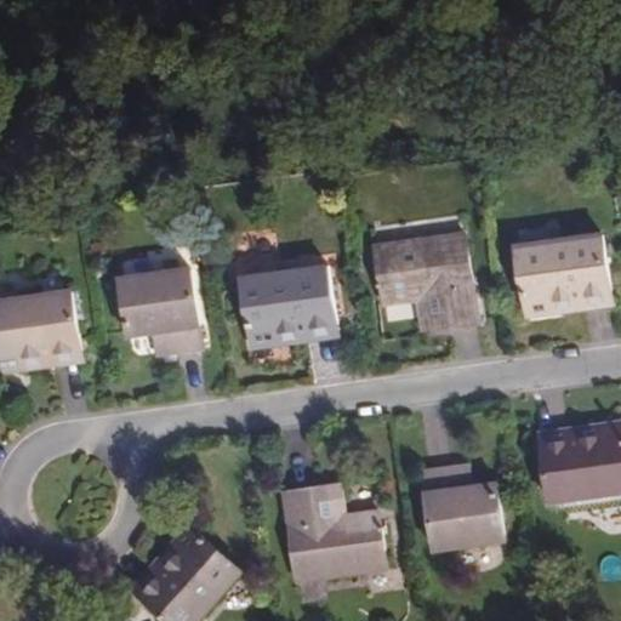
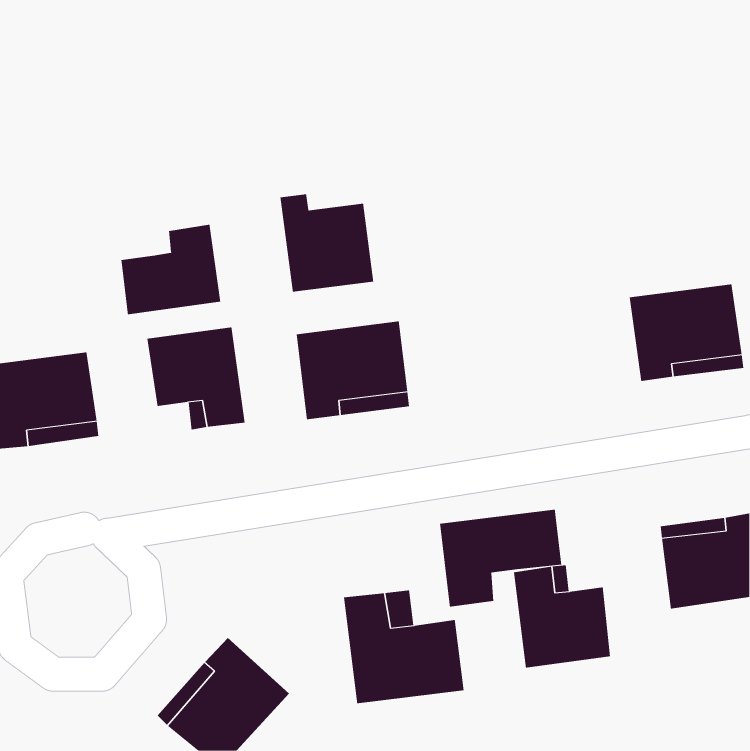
building: none -> [280,193,374,293]
building: none -> [121,224,221,315]
building: [375,234,475,327] -> none
building: none -> [439,509,562,607]

